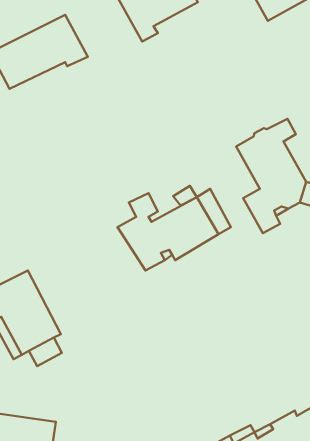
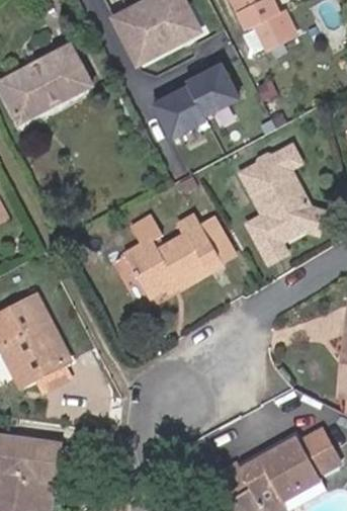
building: none -> [143,60,241,137]

